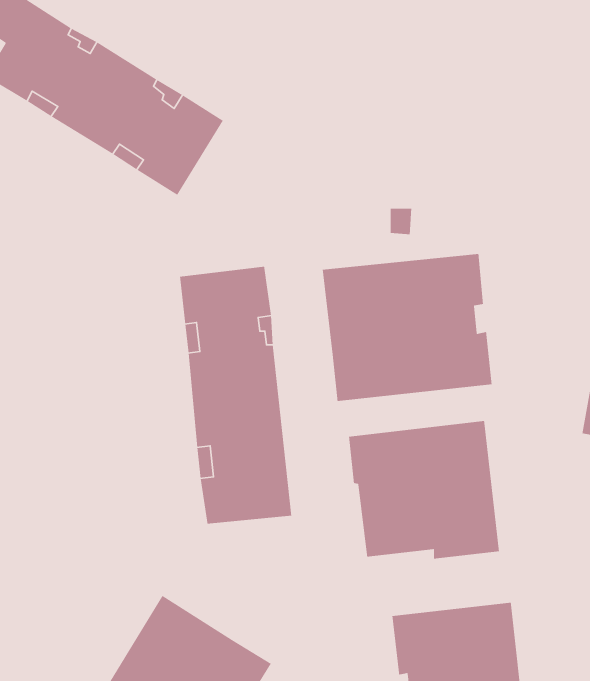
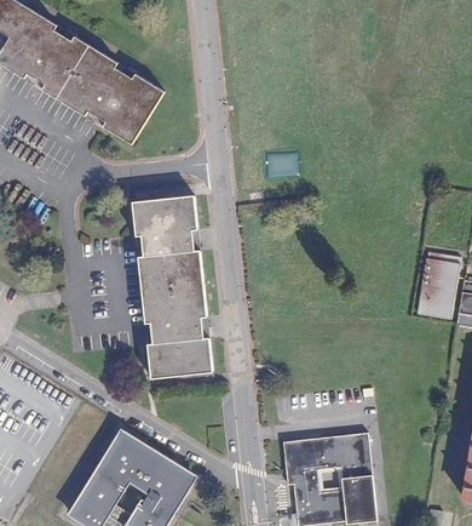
building: [322,253,492,402] -> none
building: [348,420,500,559] -> none

